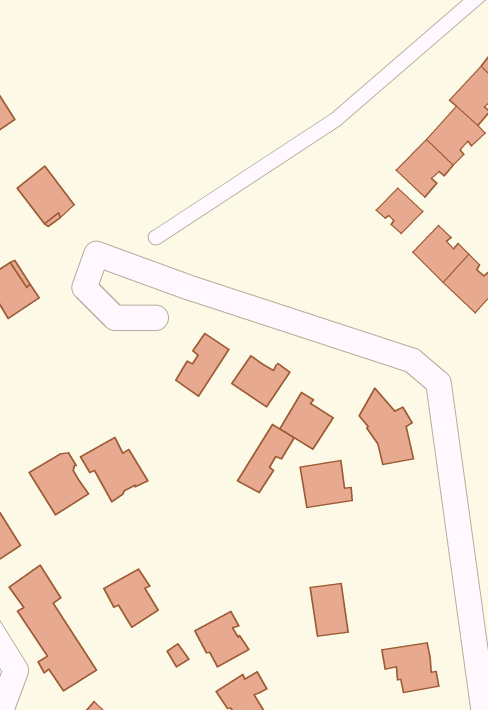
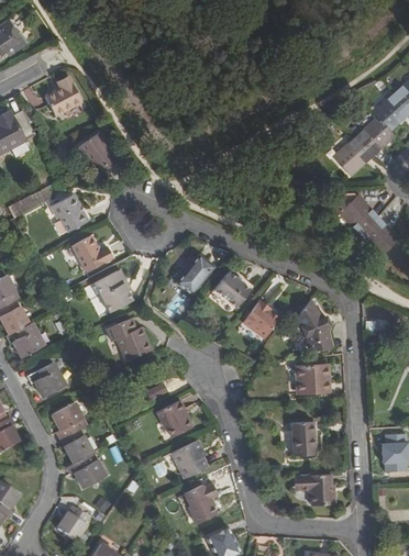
building: [376,188,423,234] -> none
building: none -> [70,235,112,273]
building: [238,424,294,492] -> none
building: [29,453,88,515] -> [93,271,132,312]
building: [300,461,352,508] -> [294,365,327,394]
building: [104,569,158,627] -> [155,399,190,437]
building: [310,583,348,636] -> [291,421,314,455]

